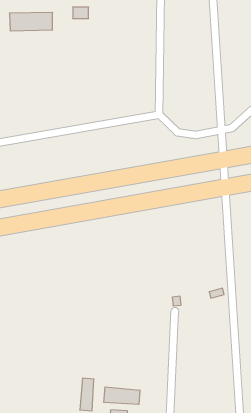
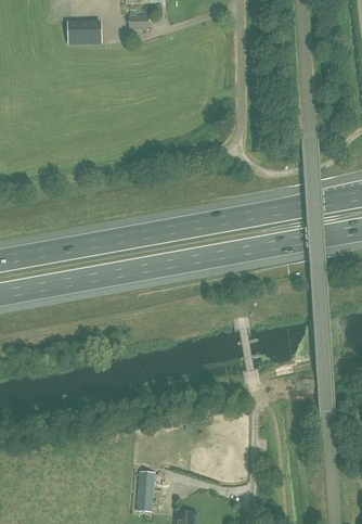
building: [104,387,140,404] -> none

